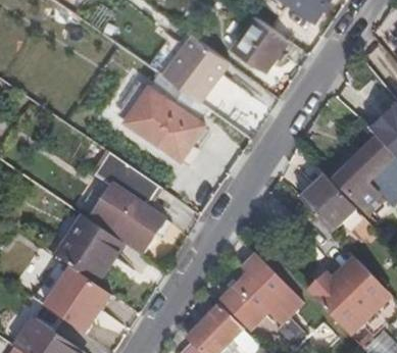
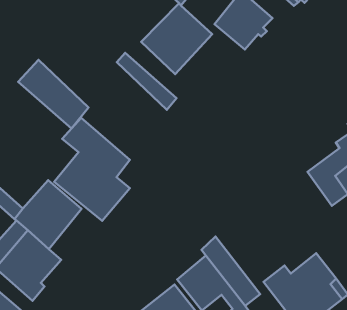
building: [121,95,193,158] -> [18,60,89,129]
building: [295,173,354,233] -> none

